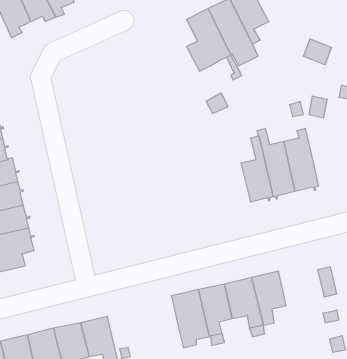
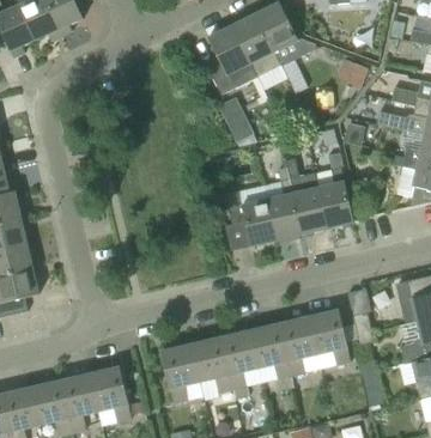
building: none -> [225,190,278,245]
building: none -> [309,309,351,365]
building: none -> [160,343,199,402]

